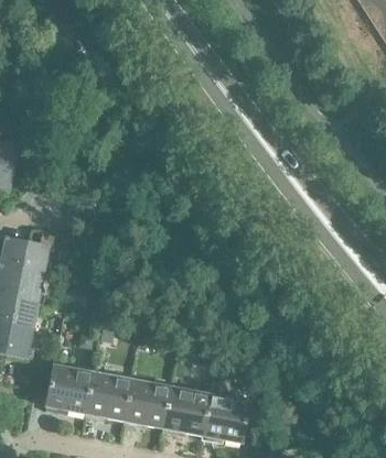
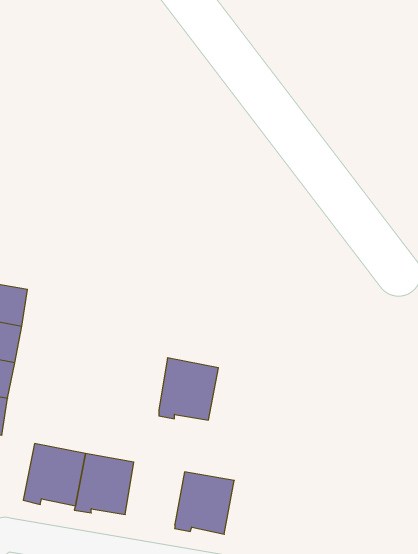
building: [125,378,171,426] -> [159,358,218,420]
building: [202,392,249,440] -> none

